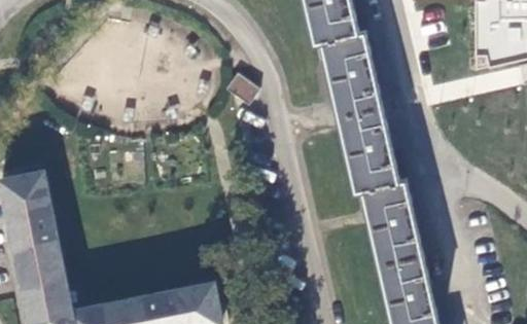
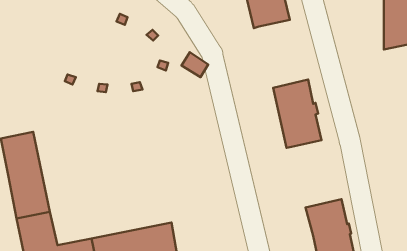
building: [320,31,381,116] -> none
building: [360,180,422,264] -> none

